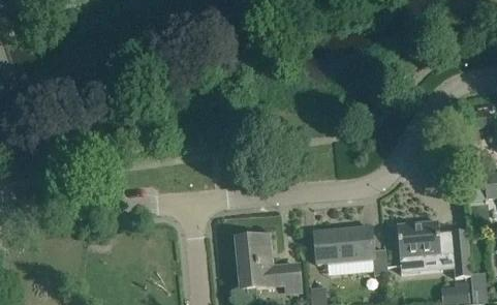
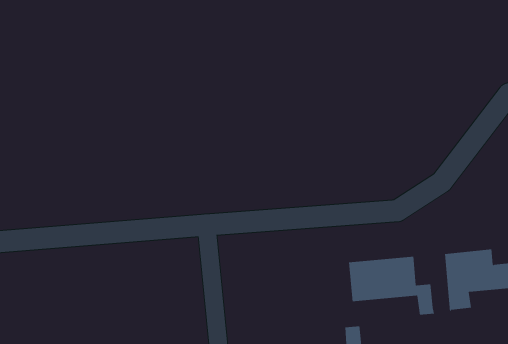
building: [236,235,300,294] -> none

